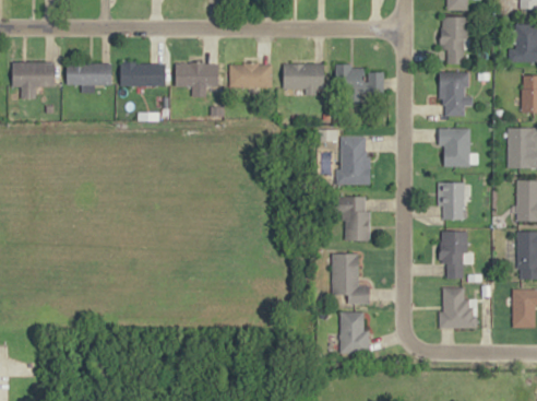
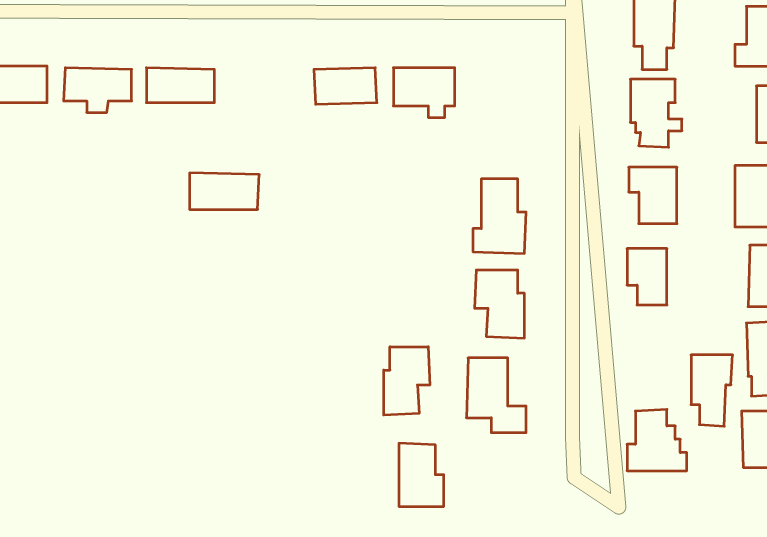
building: [176,63,222,87] -> [190,173,259,209]
building: [335,63,385,97] -> none
building: [441,232,468,279] -> [691,355,733,426]
building: none -> [384,347,430,415]
building: [339,311,369,353] -> [399,443,444,506]

